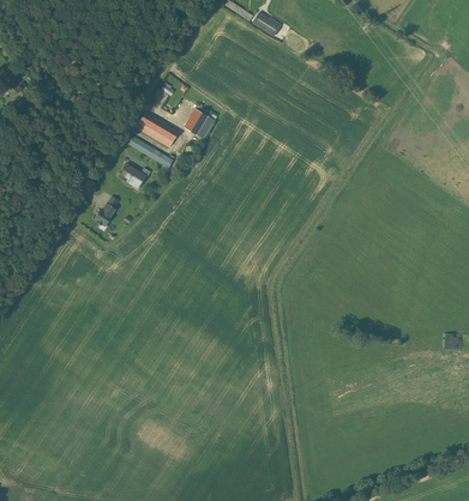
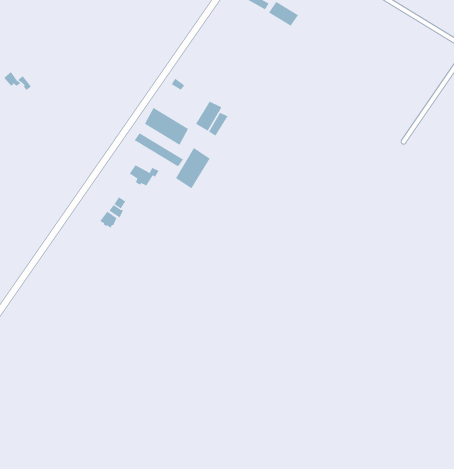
building: none -> [175,147,210,189]

